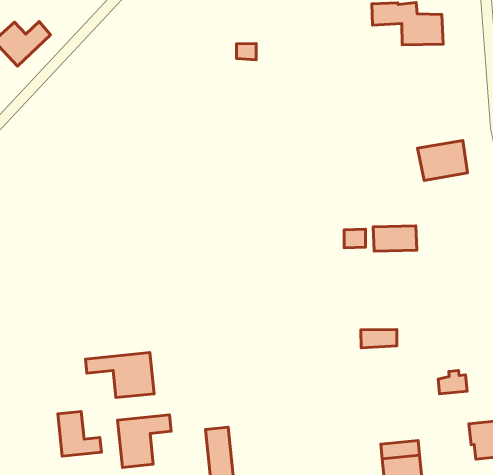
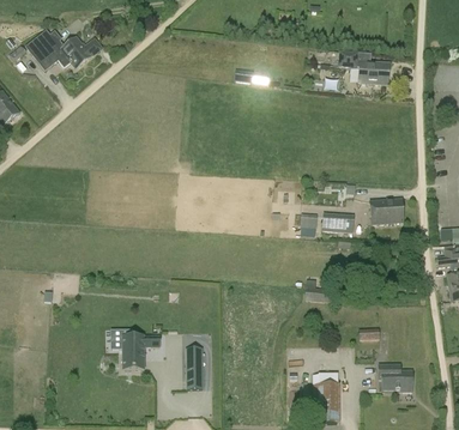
building: [418,140,468,180] -> [369,198,404,224]
building: [86,352,154,398] -> none
building: [58,411,101,456] -> none

